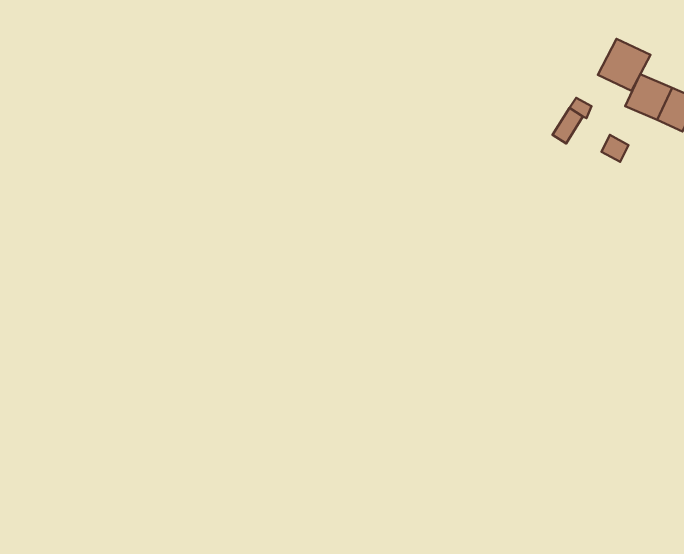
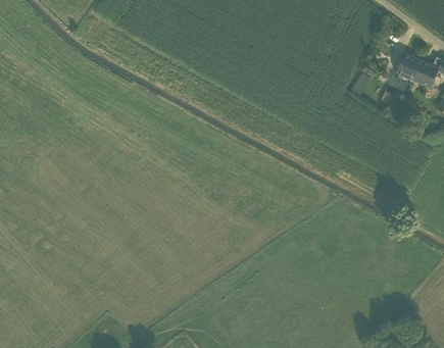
building: [598,39,650,91] -> none

